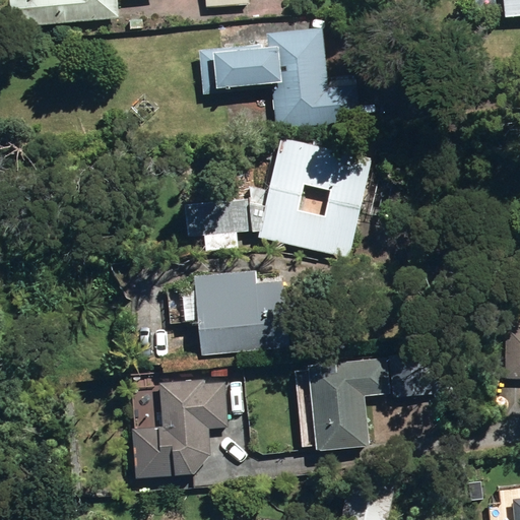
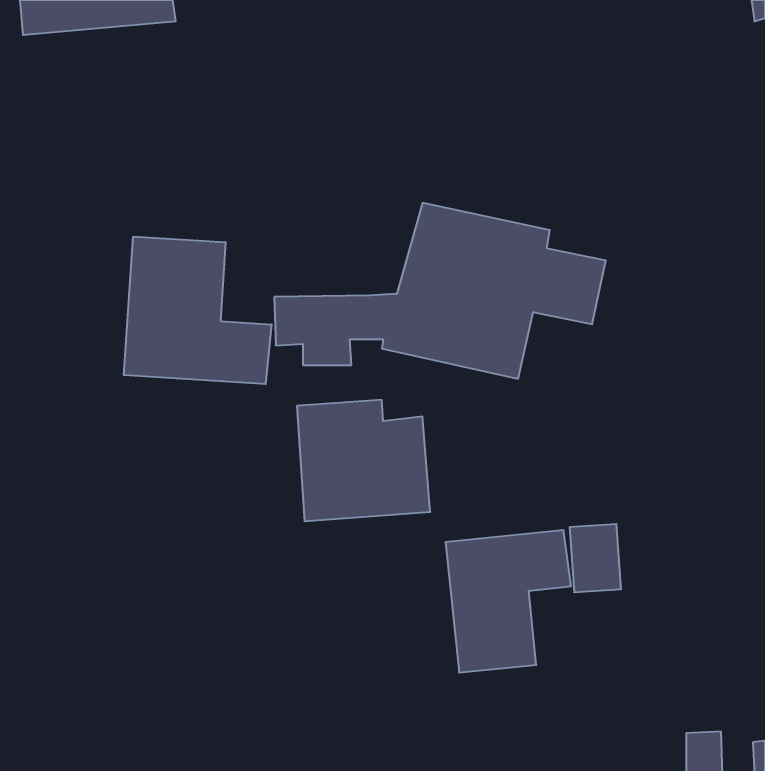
building: [198,25,361,126] -> none
building: none -> [124,237,272,384]
building: [121,382,220,481] -> none

